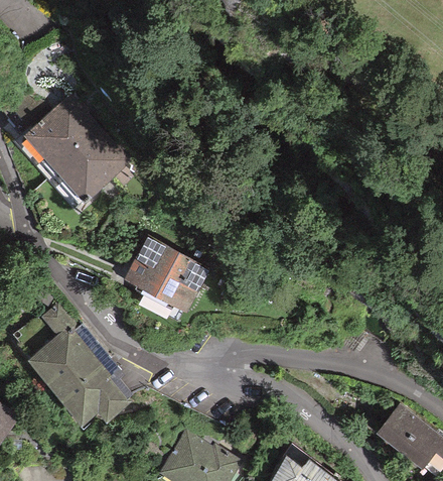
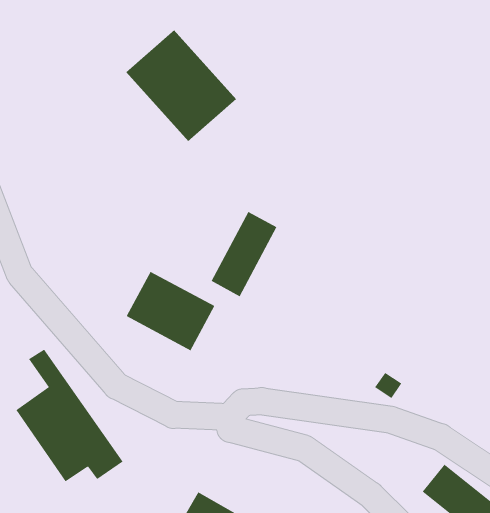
building: [27,98,124,196] -> [125,29,237,142]
building: none -> [211,211,277,297]

